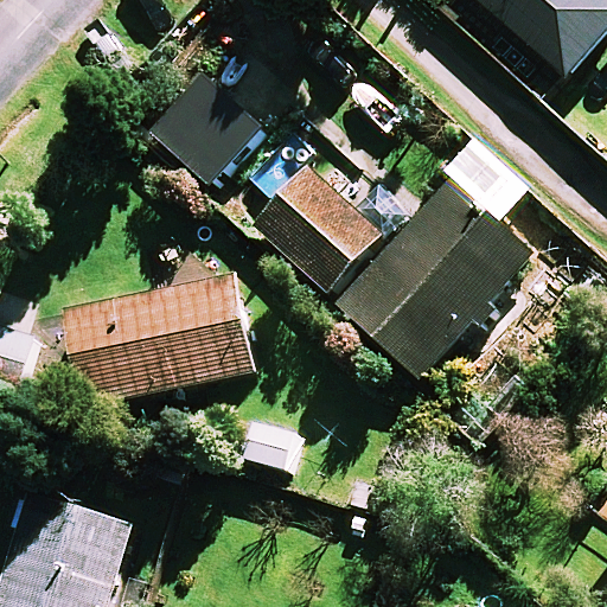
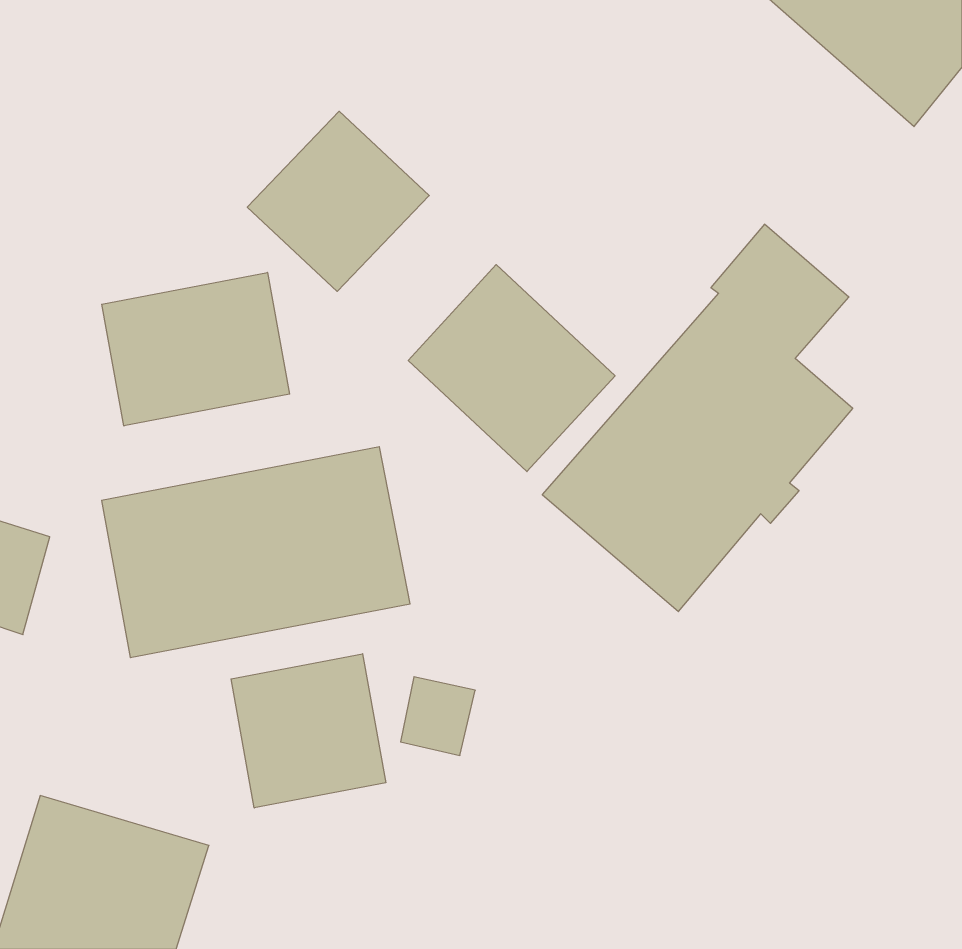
building: none -> [102,272,290,426]
building: none -> [231,654,386,808]

